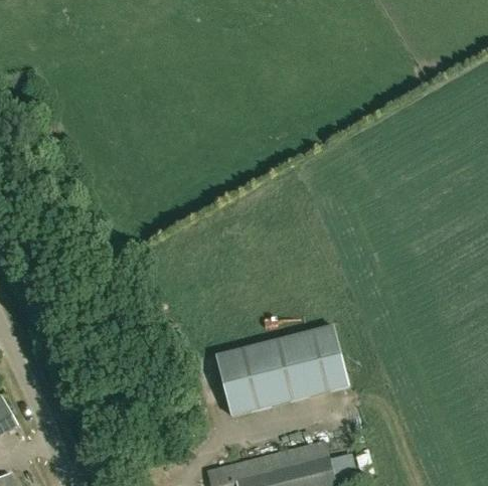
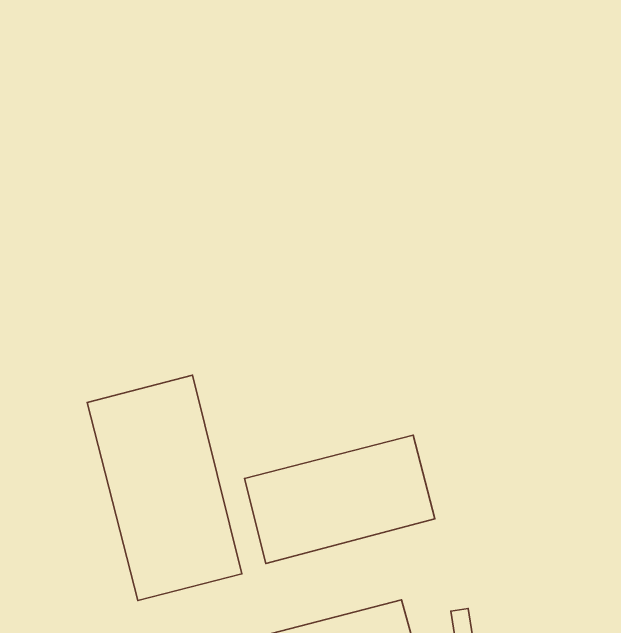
building: none -> [87,375,242,600]

